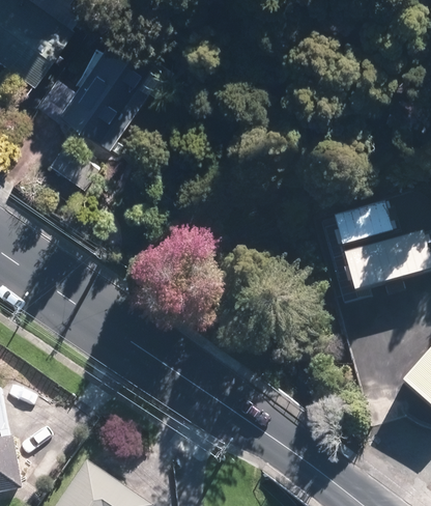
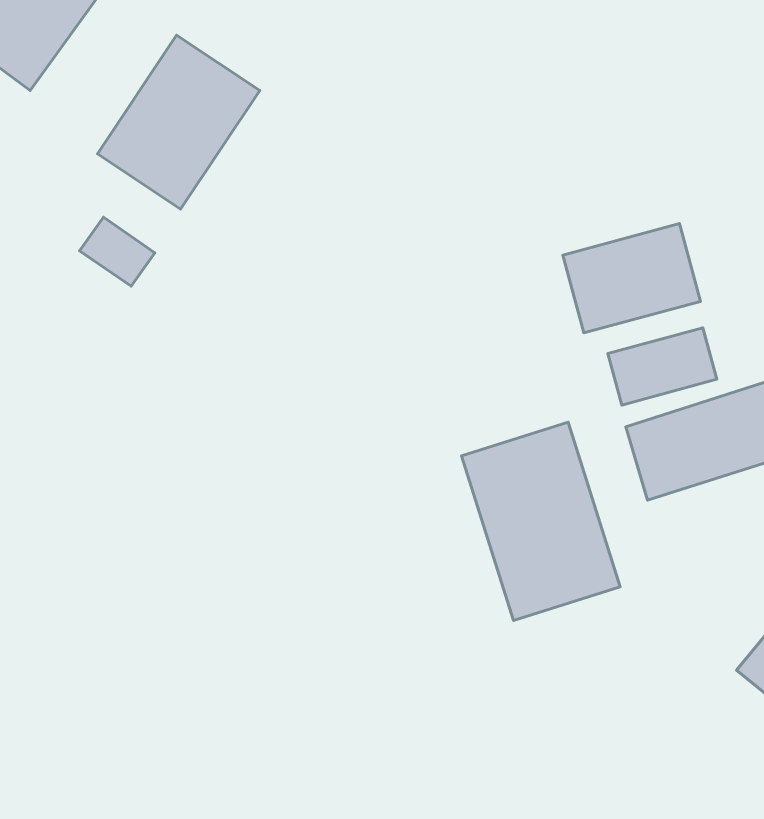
building: none -> [563,223,700,333]
building: none -> [461,422,620,620]

